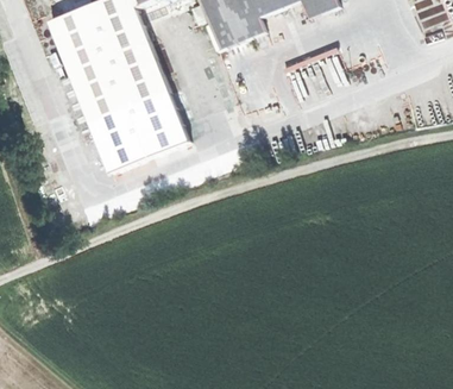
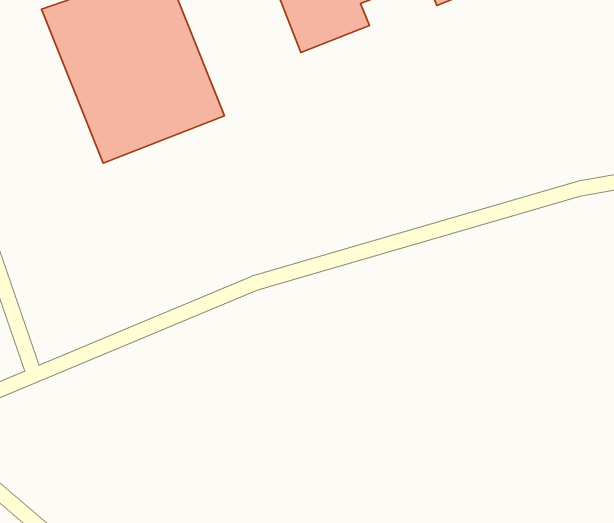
building: [88,90,187,171] -> none

